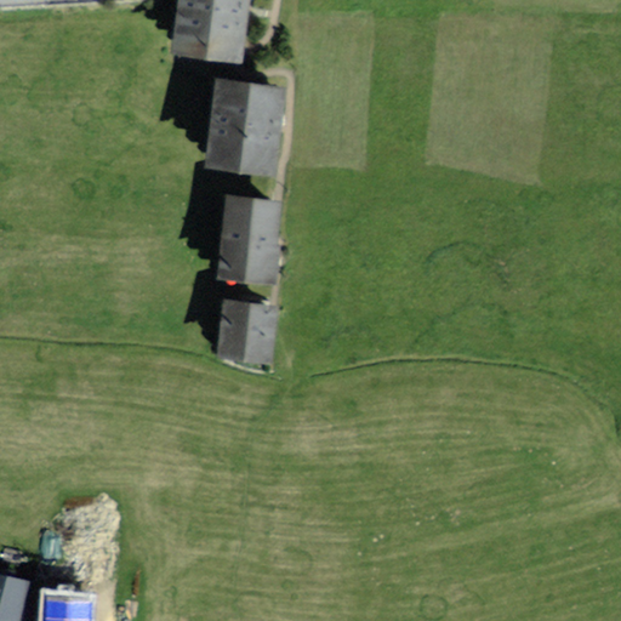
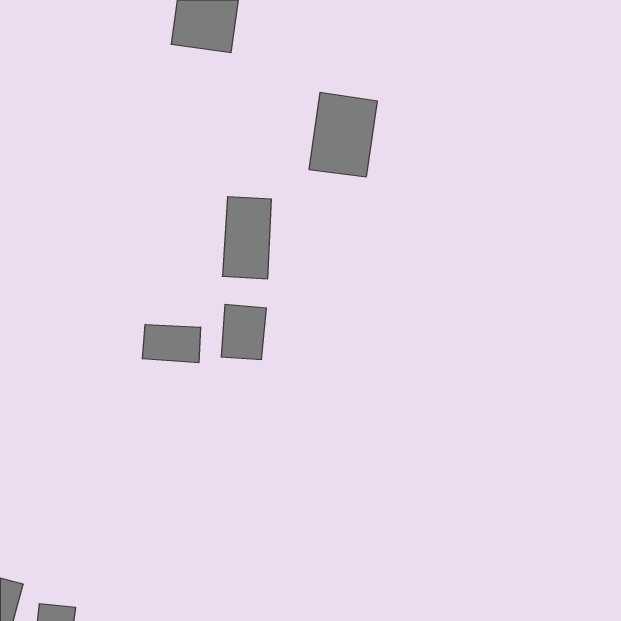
building: [211,85,279,169] -> [309,92,377,177]
building: none -> [142,324,201,363]

